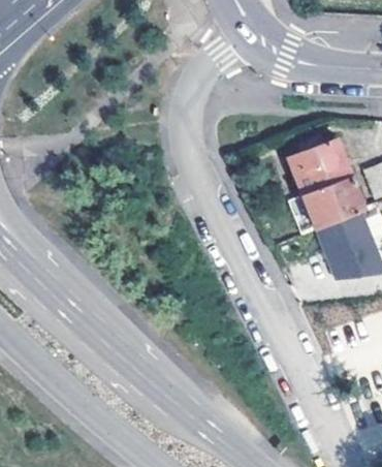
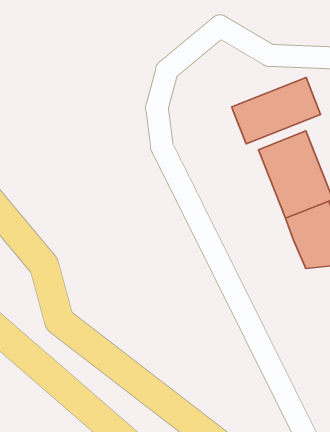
building: none -> [232,77,321,144]

